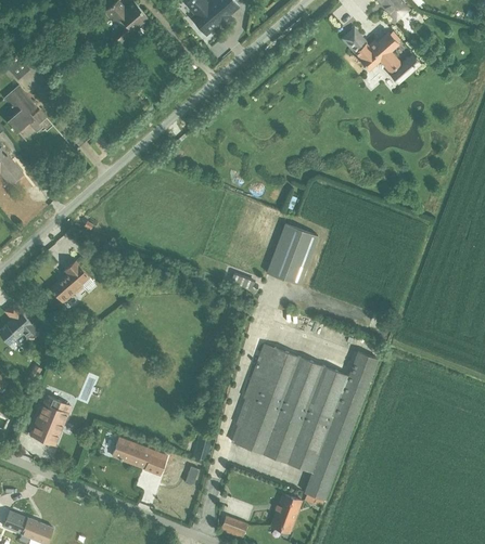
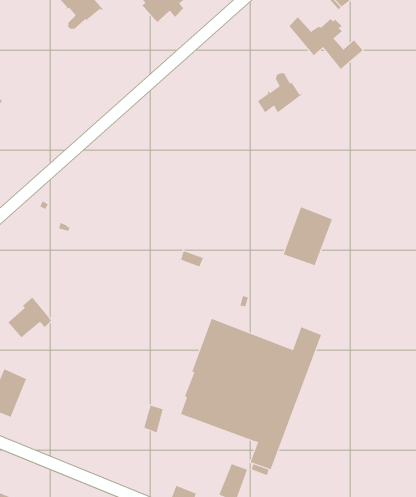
building: none -> [257,73,303,113]
building: [266,223,318,285] -> [283,206,333,266]
building: [49,260,95,303] -> [7,296,52,338]
building: [111,436,167,475] -> none

